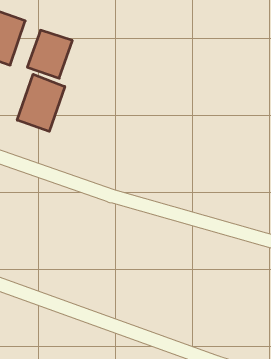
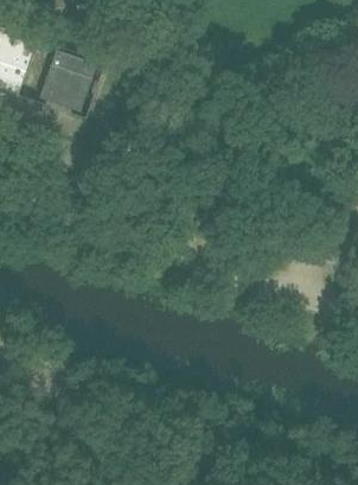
building: [17,74,65,131] -> none

